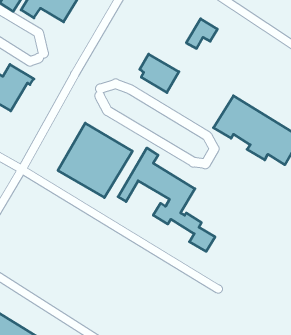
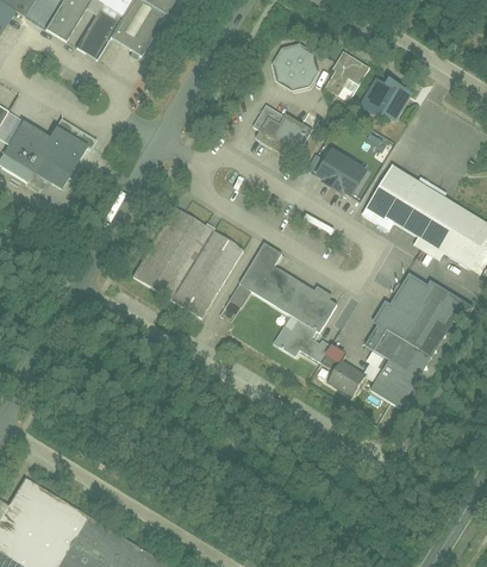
building: none -> [271,44,319,91]
building: none -> [358,79,413,121]
building: none -> [314,149,368,198]
building: none -> [369,269,467,398]

